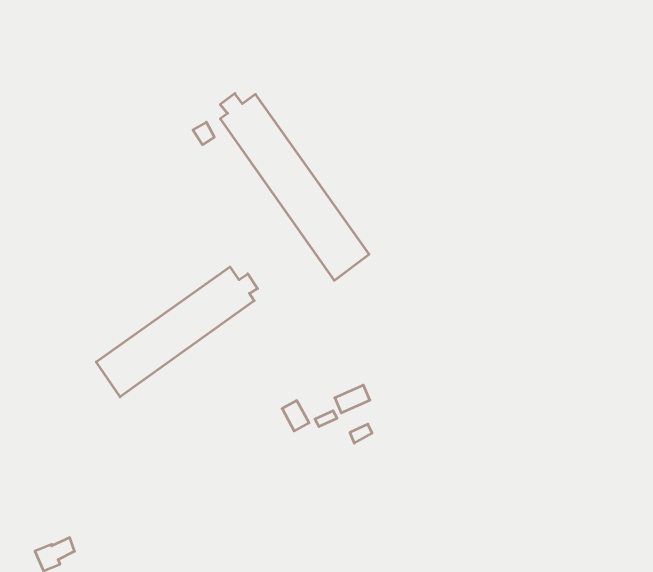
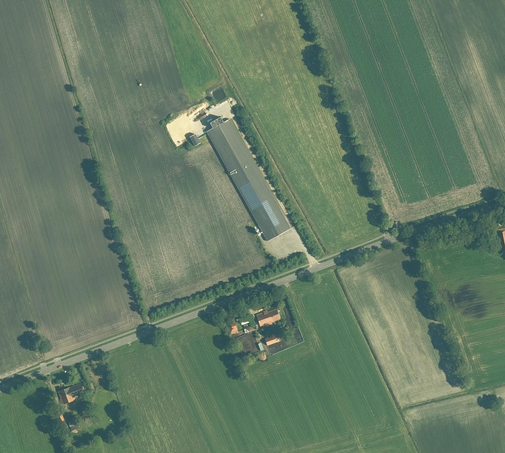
building: [96,267,258,397] -> none

